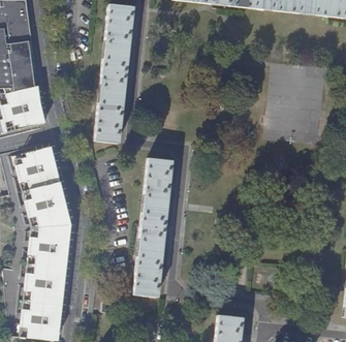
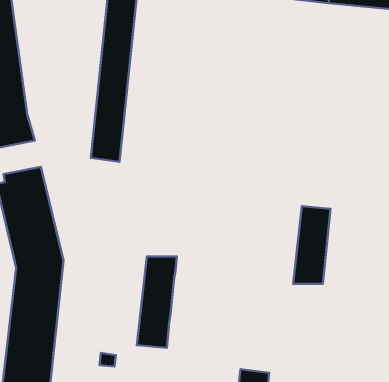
building: [140,158,171,222] -> [293,206,330,284]

